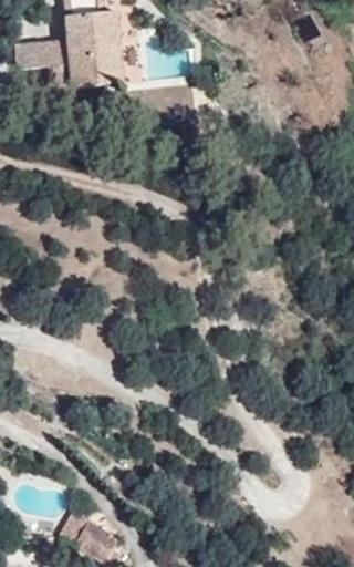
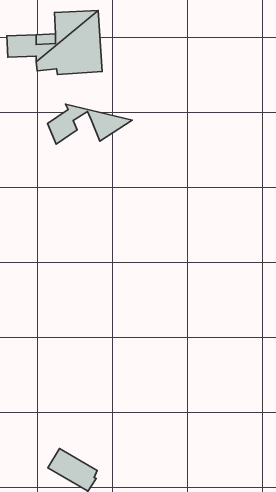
building: none -> [48,104,132,144]

